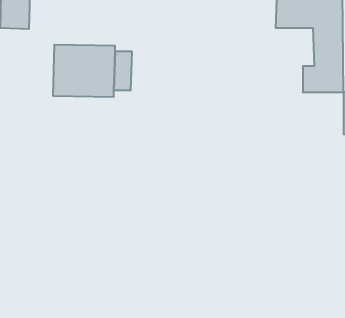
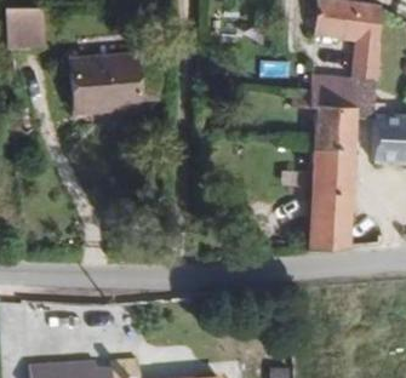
building: none -> [302,85,351,246]

